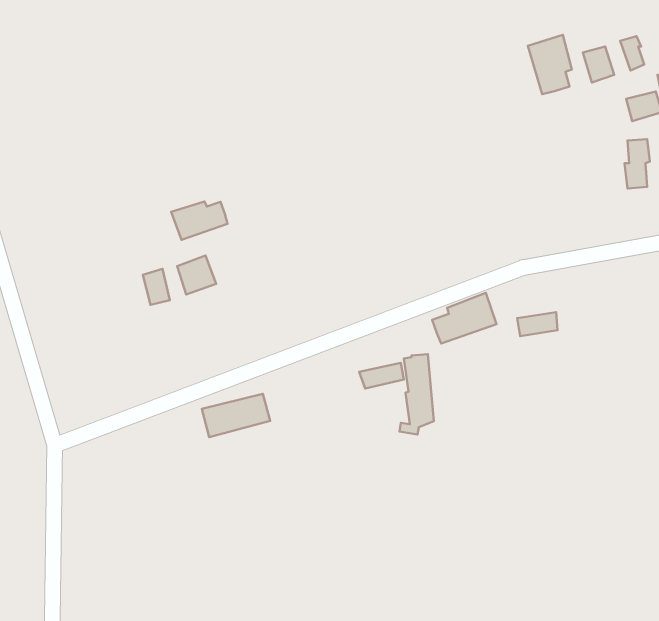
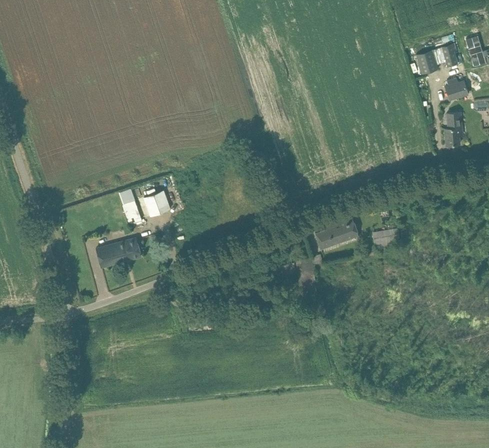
building: [528,35,572,94] -> none
building: [171,202,228,240] -> none
building: [202,394,270,437] -> [95,238,141,267]

